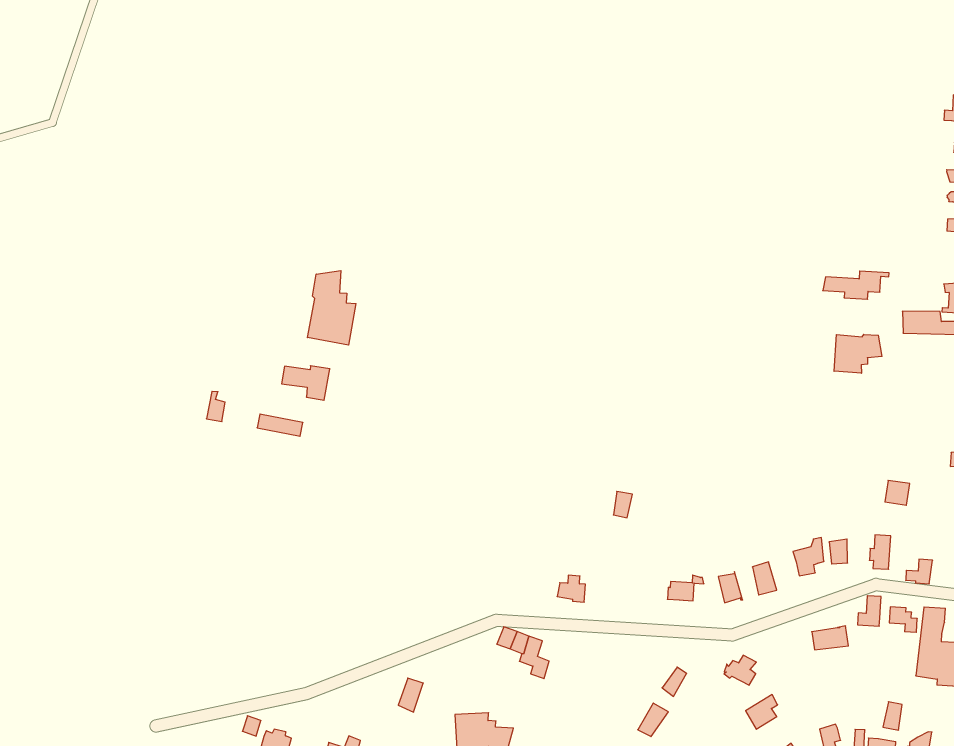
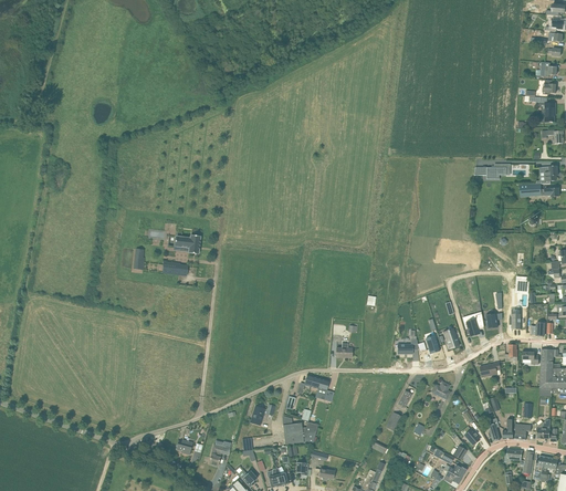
building: [307,271,356,345] -> none
building: [834,334,882,373] -> none

